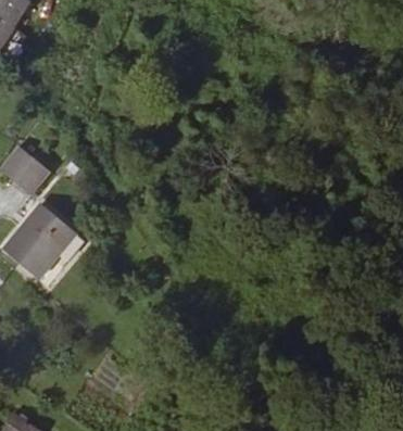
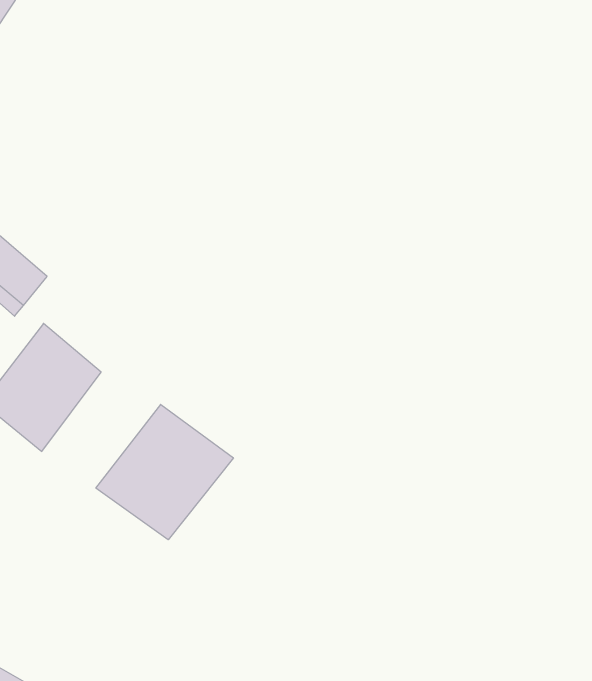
building: none -> [96,404,233,540]

